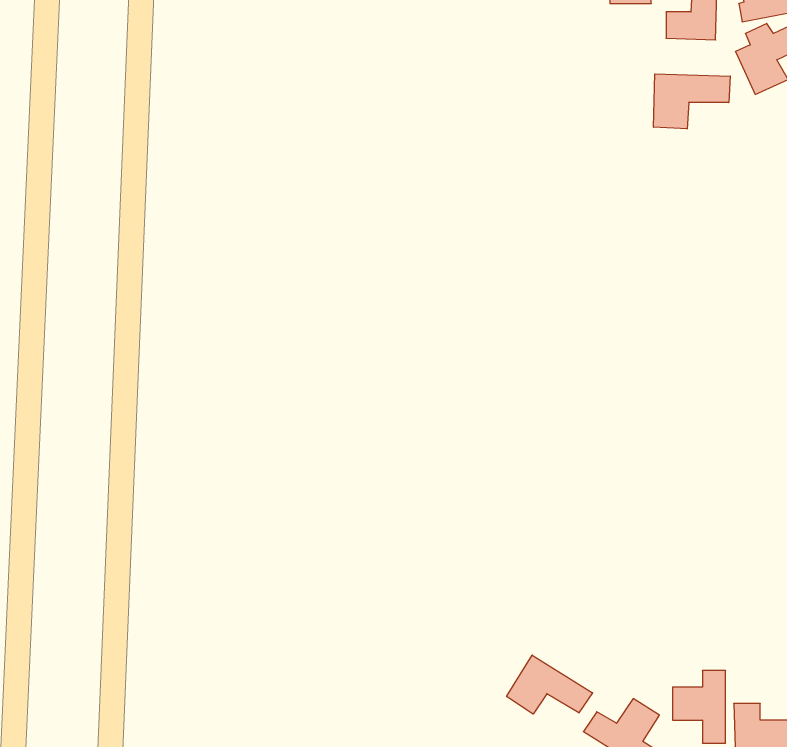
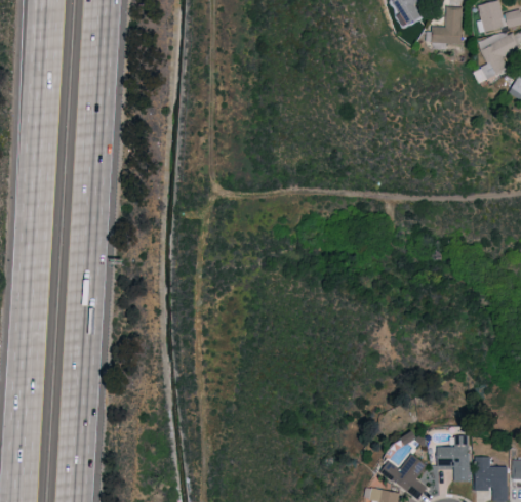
building: [654,74,730,129] -> none
building: [507,655,593,714] -> none

